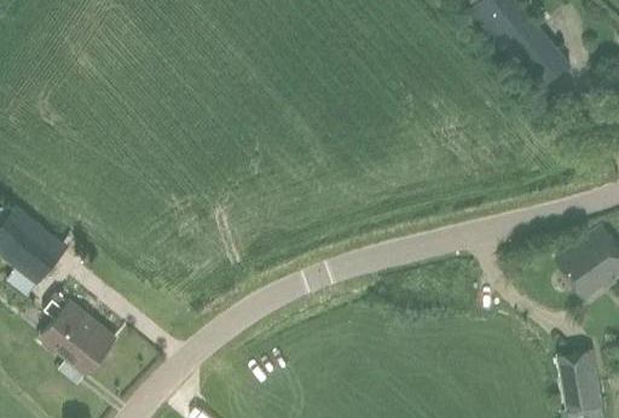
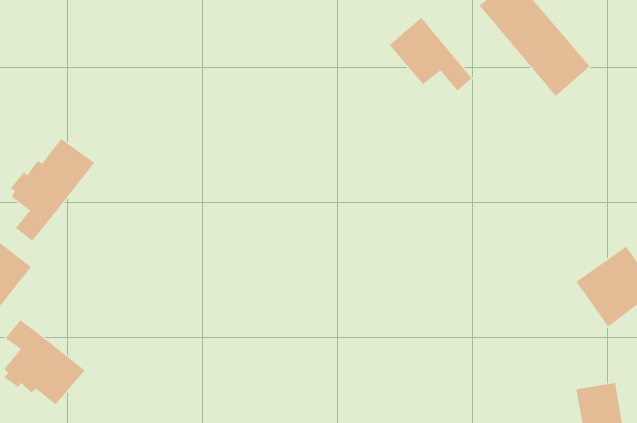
building: none -> [389,17,473,91]
building: none -> [10,138,95,241]

